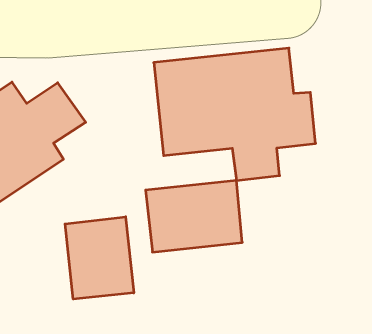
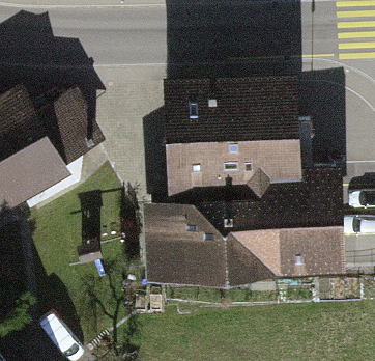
building: none -> [235,170,337,259]
building: [65,217,134,299] -> none

